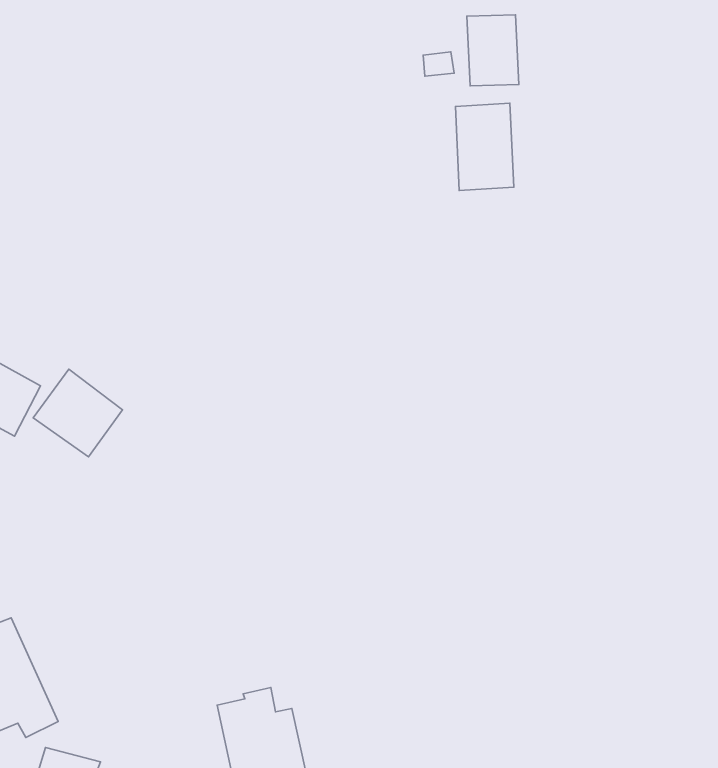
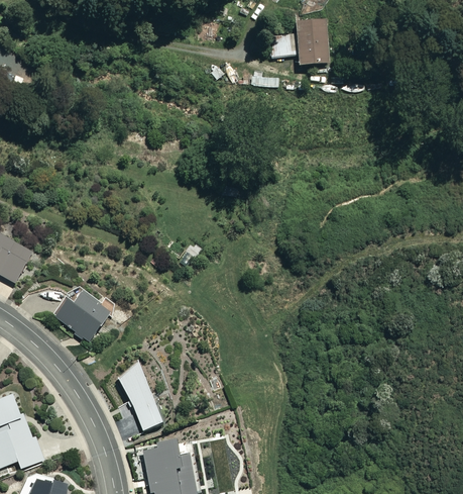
building: [455,103,514,190] -> none
building: [33,369,122,457] -> [54,286,110,340]
building: none -> [120,371,164,434]

